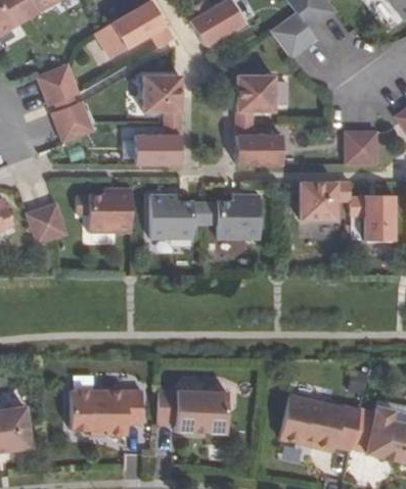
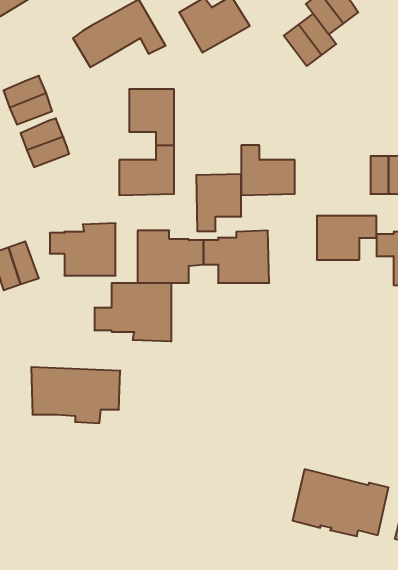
building: [236,75,274,123] -> [196,174,241,231]
building: none -> [95,283,171,342]
building: [70,387,144,434] -> [31,367,120,423]
building: [157,389,228,433] -> none

